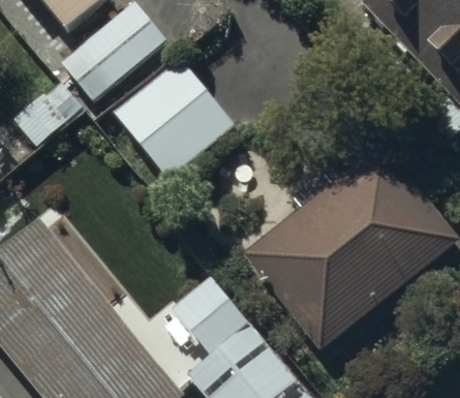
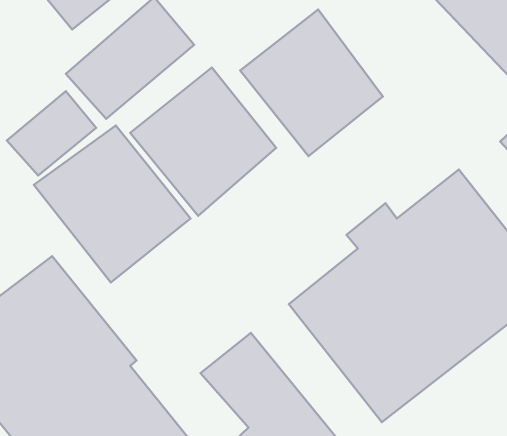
building: none -> [240,10,383,156]
building: none -> [34,126,190,282]

